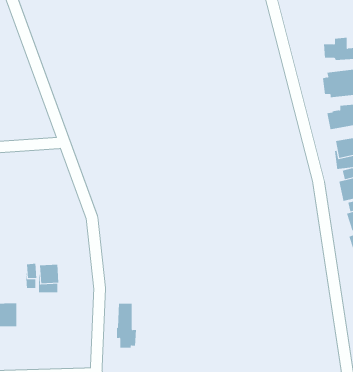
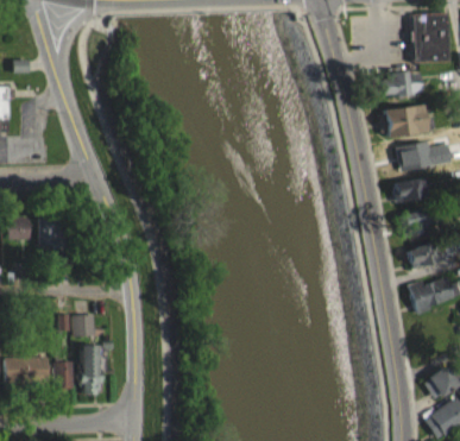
building: none -> [40,216,68,247]
building: [116,303,137,348] -> [81,345,103,393]
building: none -> [56,361,75,396]

